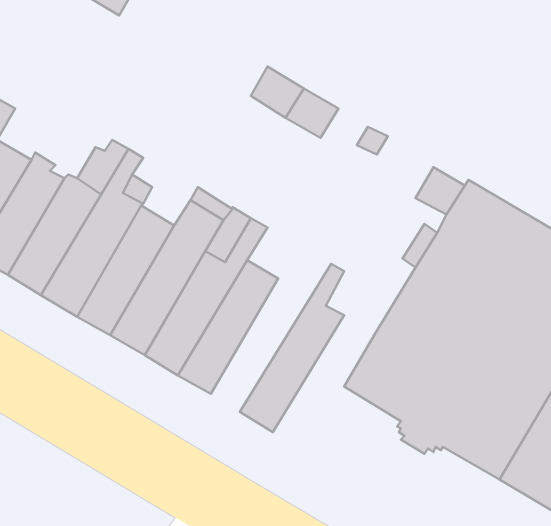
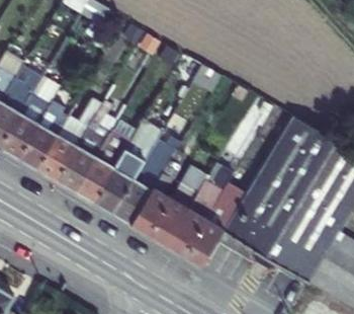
building: none -> [150,152,216,244]
building: none -> [184,190,241,265]

